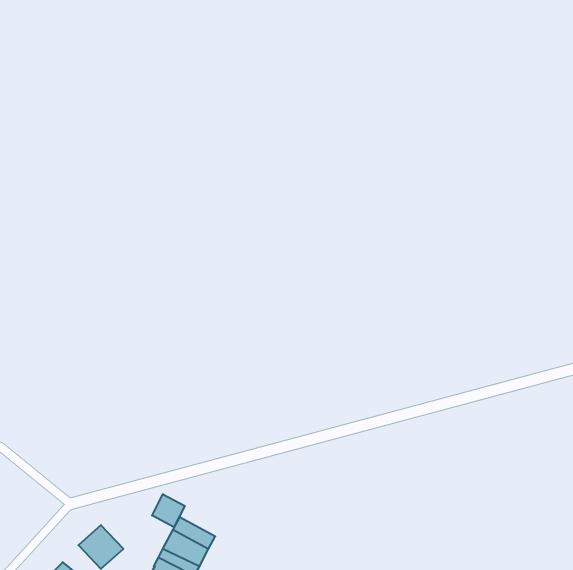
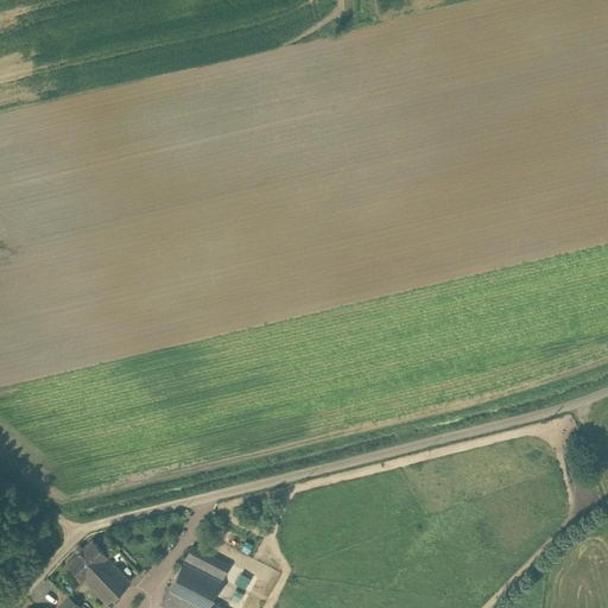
building: [152,494,185,527] -> none
building: none -> [66,542,107,582]

